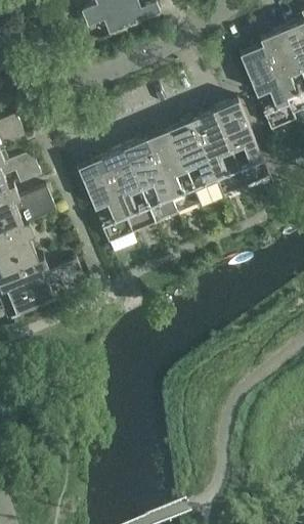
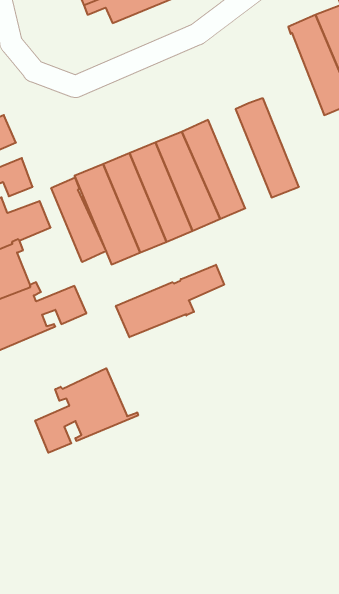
building: [237,40,294,126] -> none
building: [189,105,244,190] -> none
building: none -> [51,177,106,262]
building: none -> [116,265,224,337]
building: none -> [35,368,138,453]

